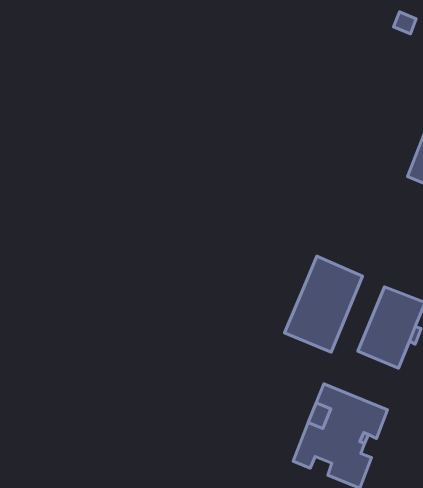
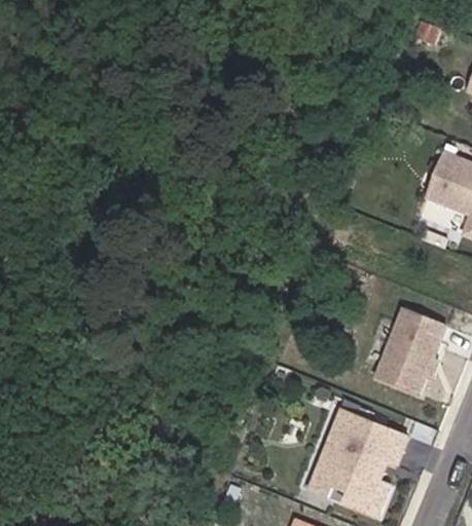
building: [284,256,362,352] -> none

